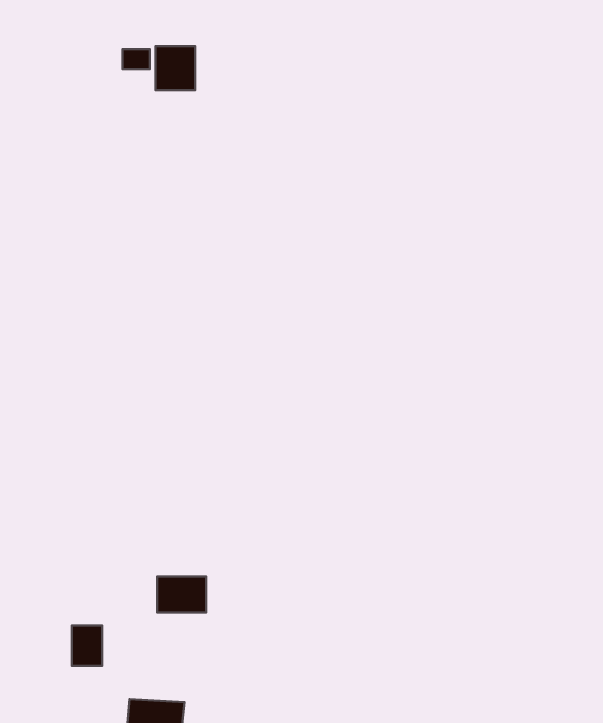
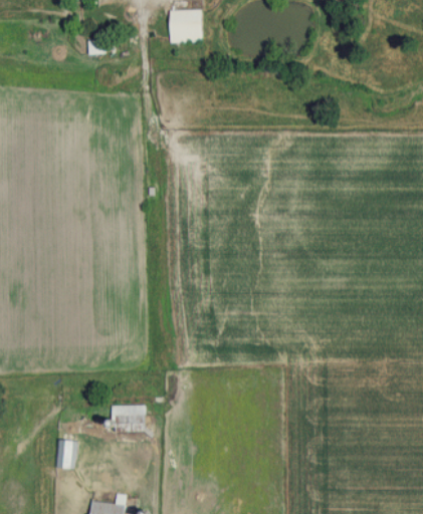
building: none -> [169,10,202,43]
building: [156,46,195,90] -> none

